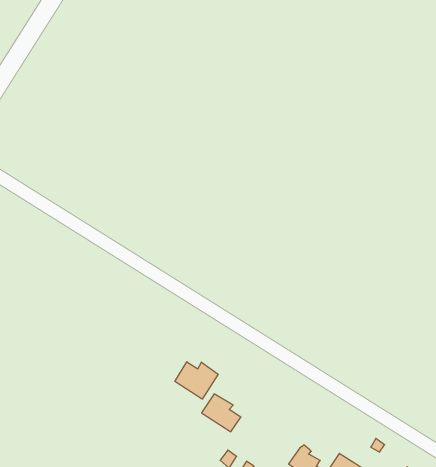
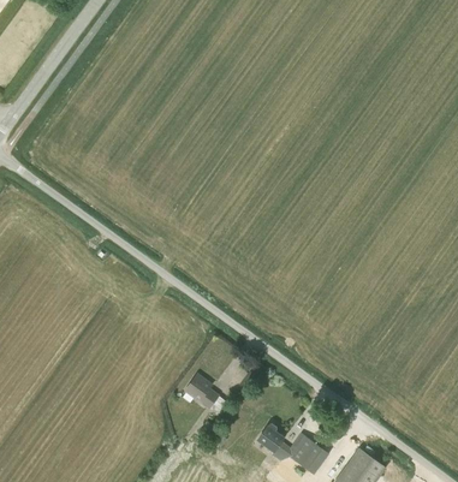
building: [175,362,218,399] -> none

